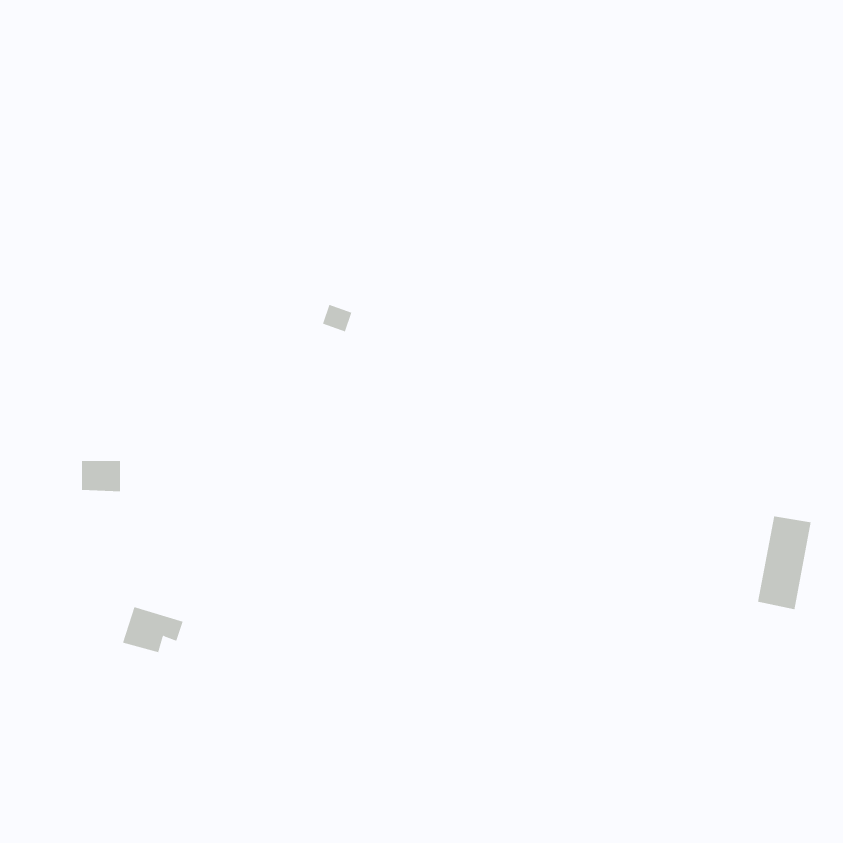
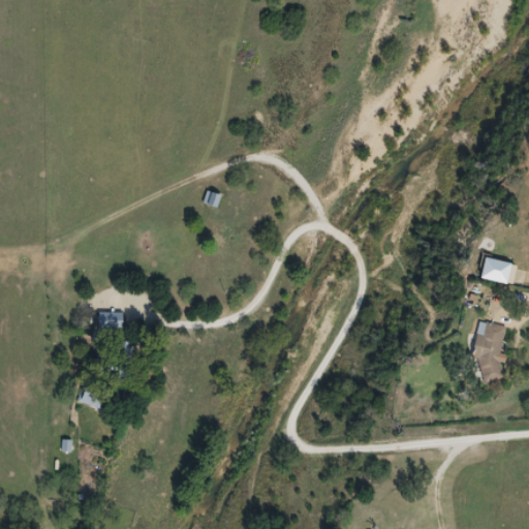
building: none -> [481,256,512,284]
building: [81,460,121,492] -> [97,312,122,332]

